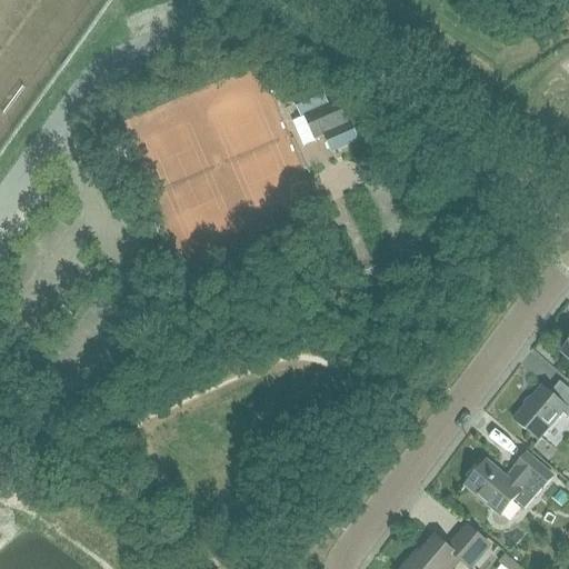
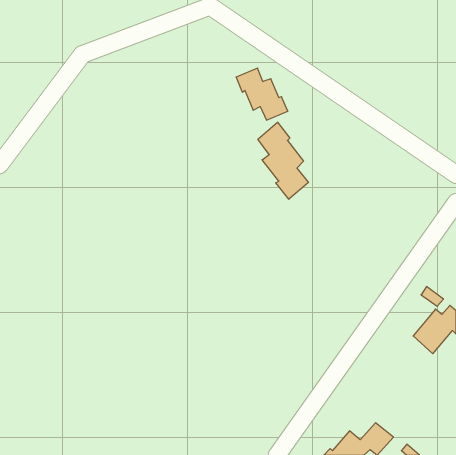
building: none -> [258,122,308,199]
building: [465,451,552,513] -> none

